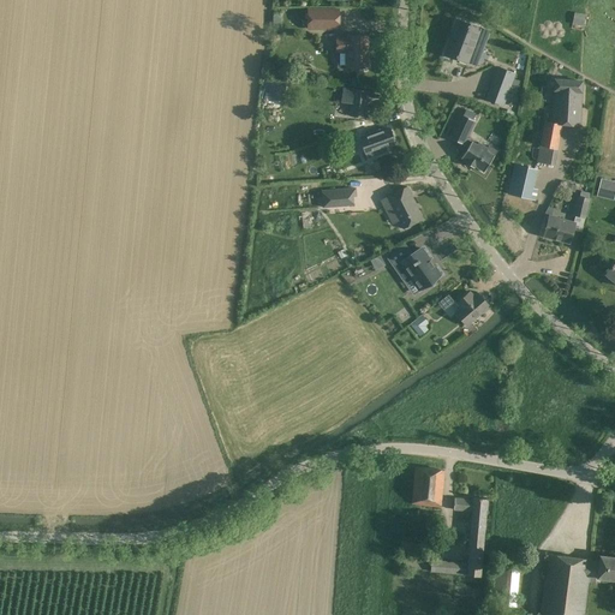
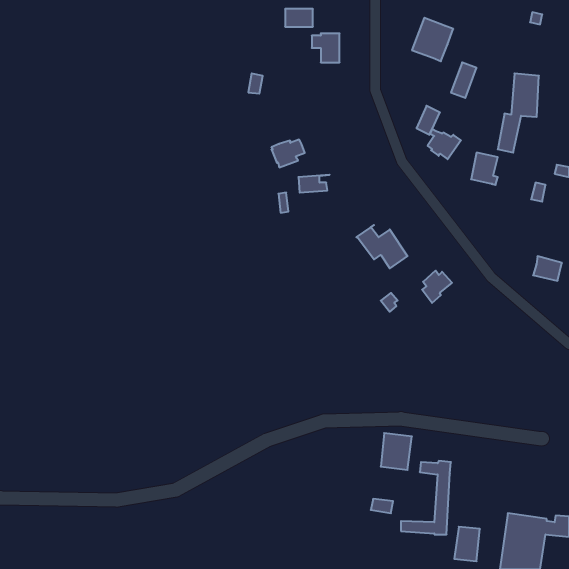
building: [341,89,369,118] -> none
building: [359,129,395,159] -> [271,140,305,167]
building: [381,186,422,229] -> none
building: [543,216,574,243] -> [533,256,562,281]

